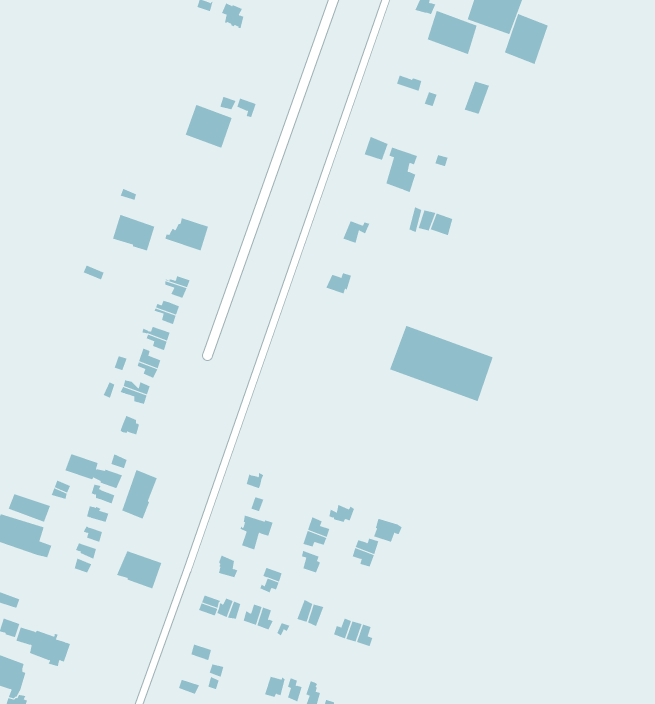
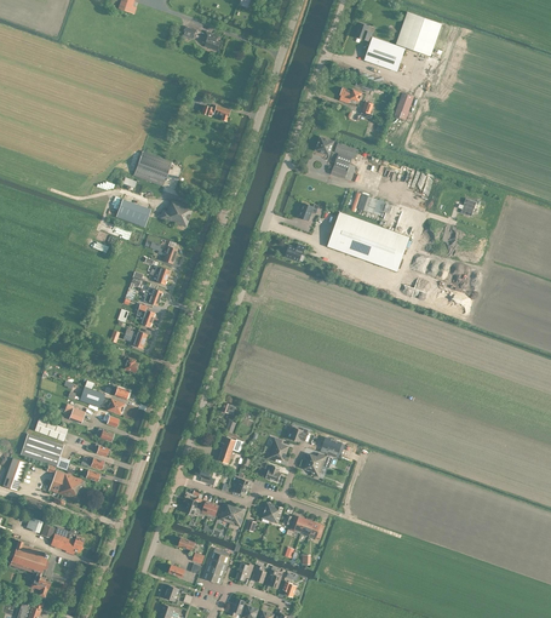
building: [504,13,549,65] -> none
building: [185,104,233,149] -> [134,151,172,187]
building: [389,325,493,402] -> [327,211,409,271]
building: [121,469,158,519] -> none
building: [116,551,162,589] -> [48,470,85,500]

